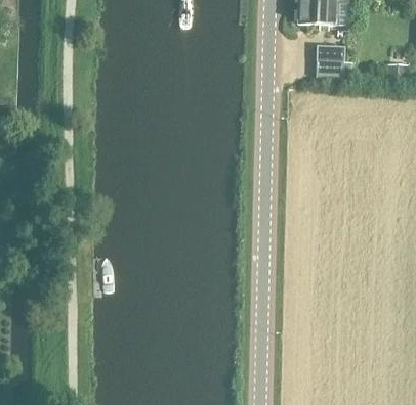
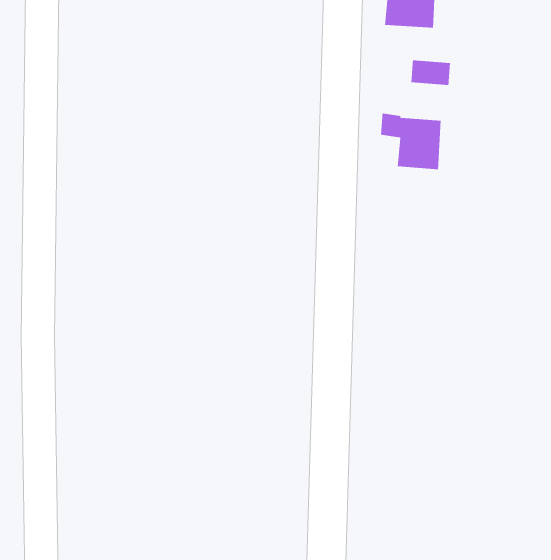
building: none -> [380,113,441,170]

